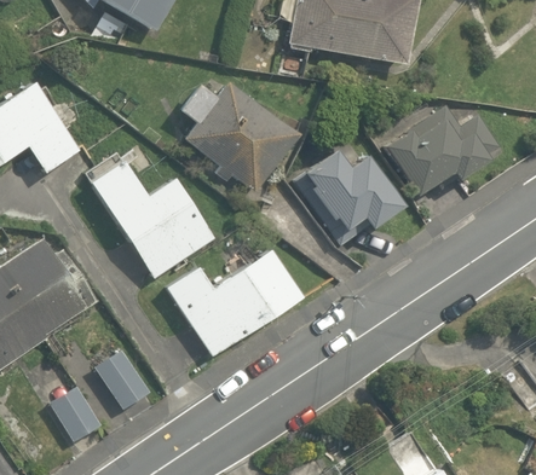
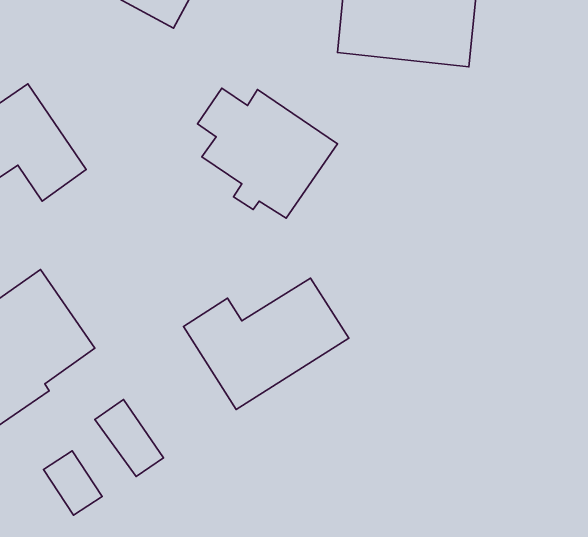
building: [379,102,496,195] -> none
building: [295,137,404,233] -> none
building: [87,155,217,280] -> none

